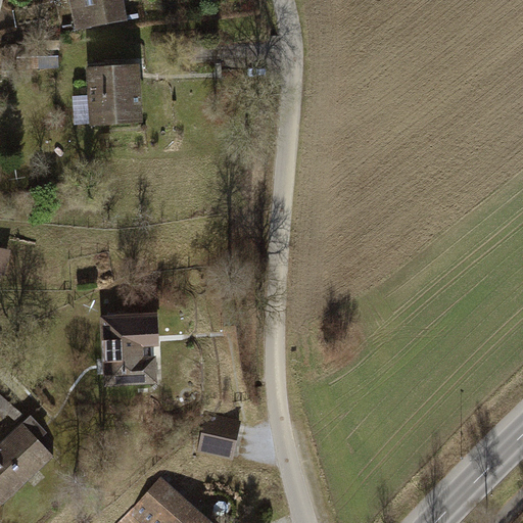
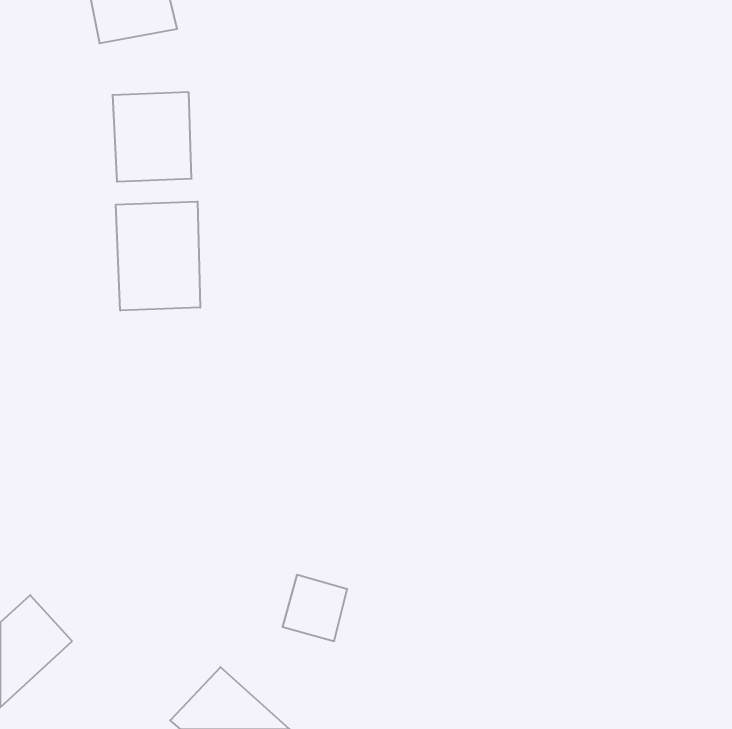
building: none -> [116,201,200,311]
building: [100,315,151,379] -> none

